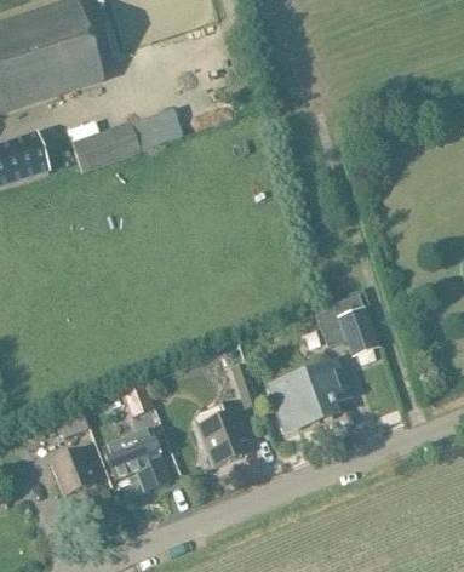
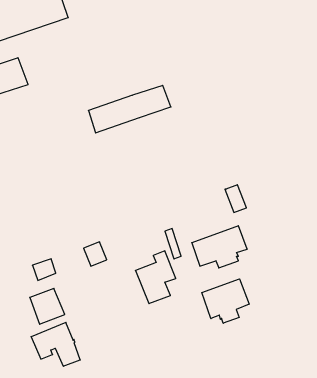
building: [71,105,183,170] -> [88,85,171,133]
building: [334,293,377,353] -> none
building: [101,428,167,487] -> [31,322,80,366]
building: none -> [202,279,249,323]

